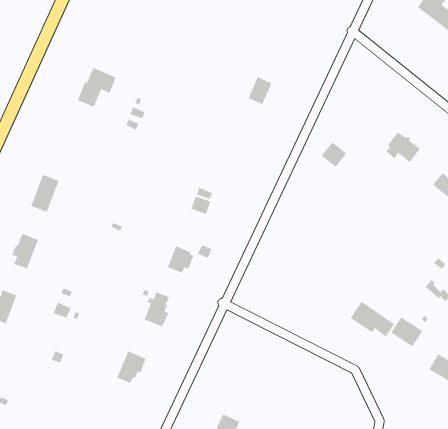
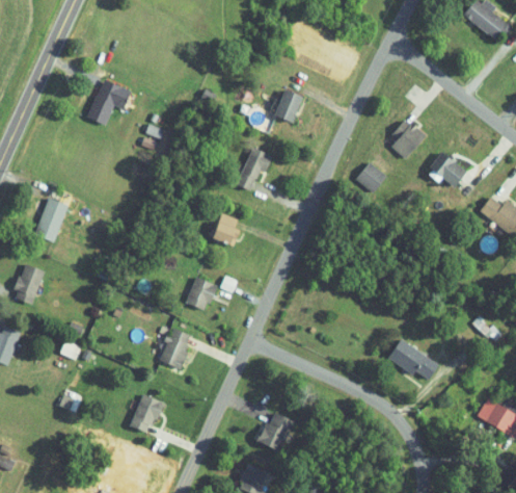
building: none -> [391,120,426,158]
building: none -> [237,148,272,189]
building: [391,316,423,347] -> none
building: none -> [259,414,292,449]

